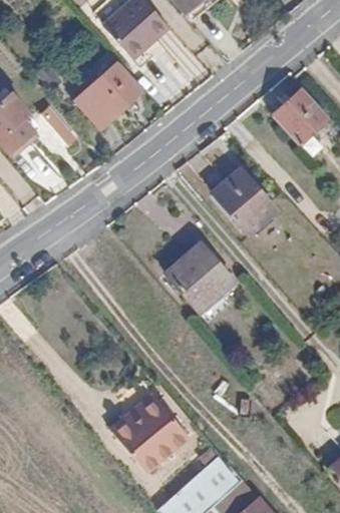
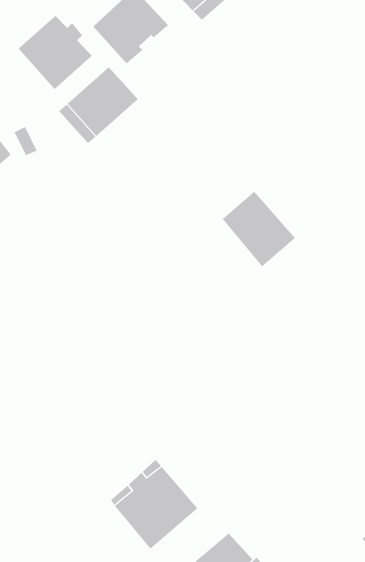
building: none -> [18,15,92,90]
building: [271,87,328,145] -> none
building: [164,240,232,308] -> none

